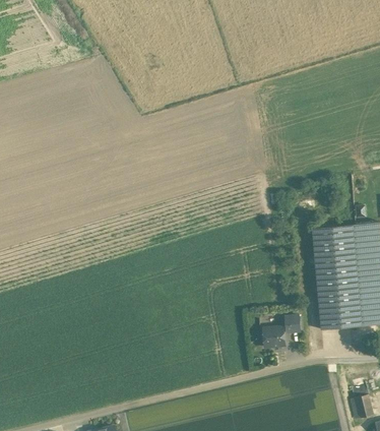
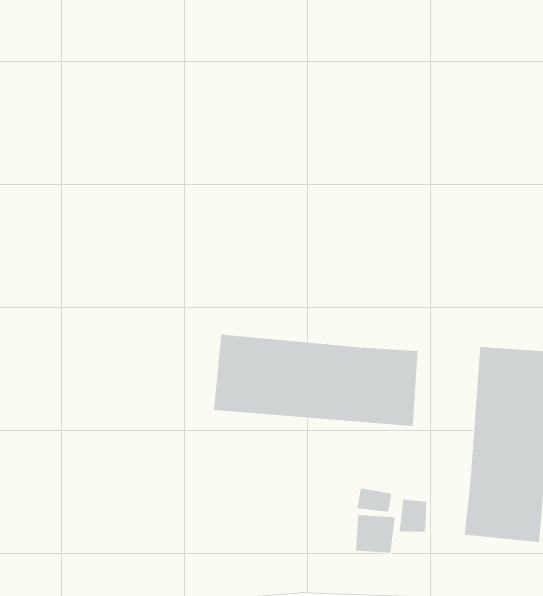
building: none -> [214,334,418,427]

